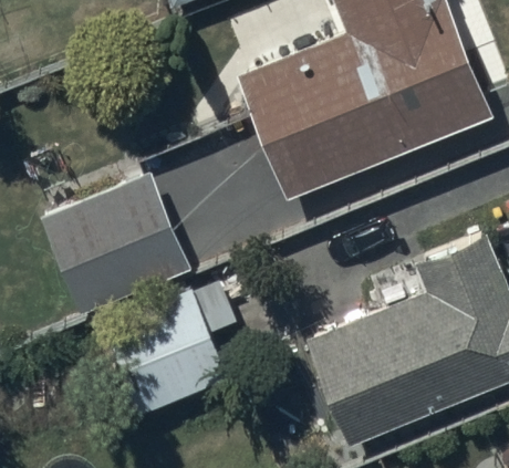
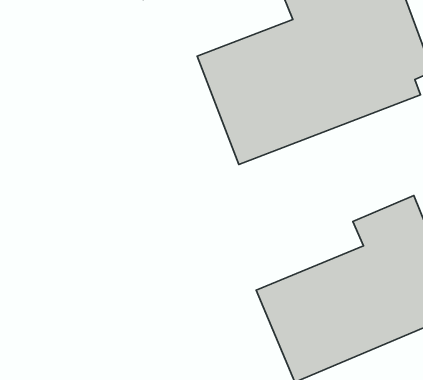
building: [42,174,193,316] -> none
building: [112,315,228,418] -> none

